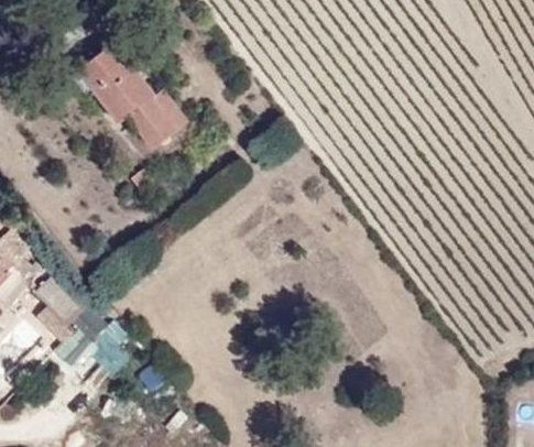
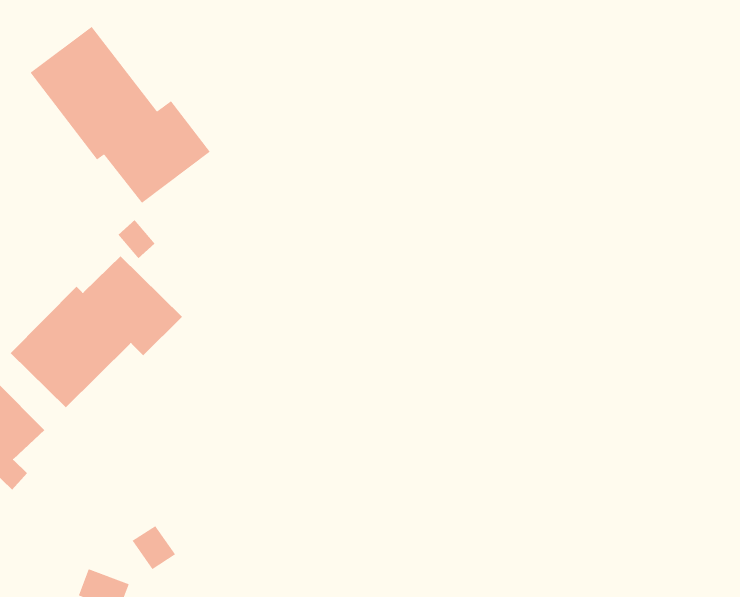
building: none -> [10,256,183,408]

